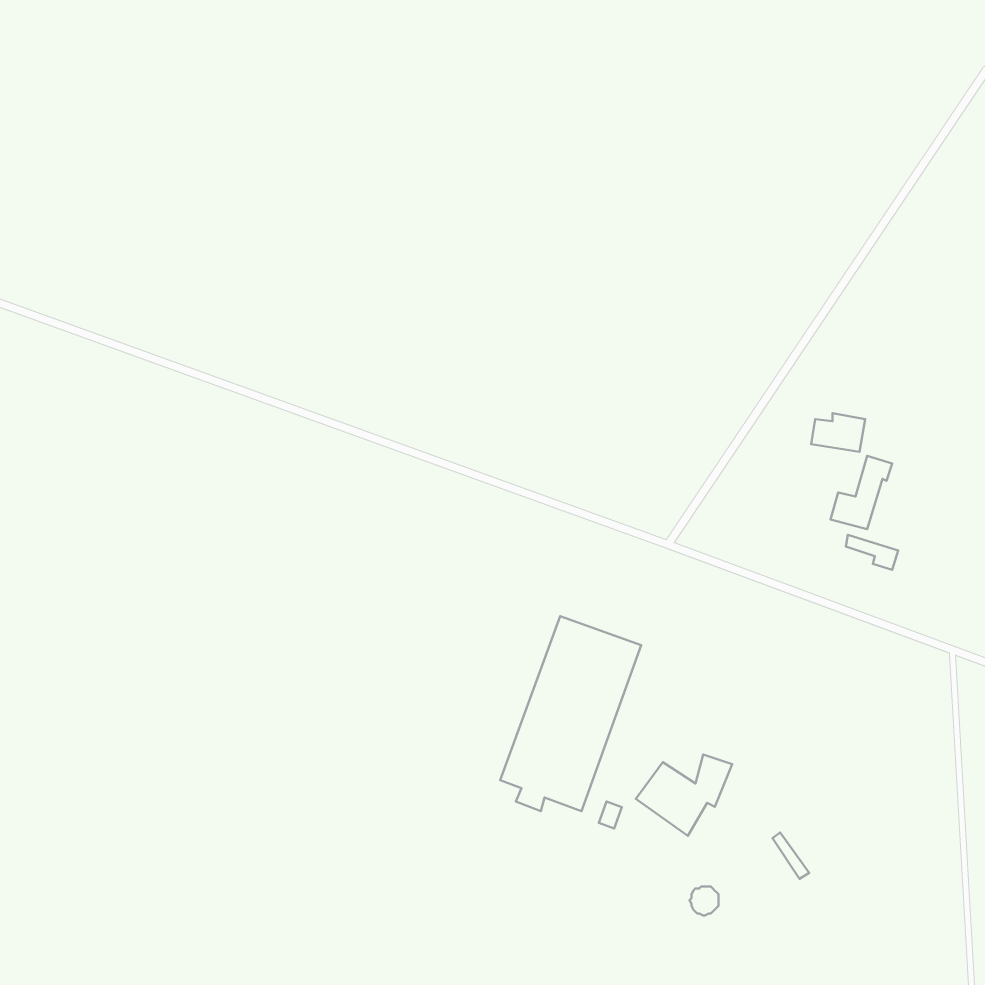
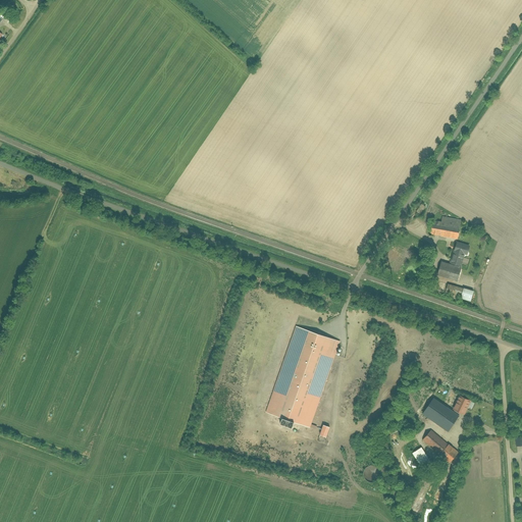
building: [636,755,732,836] -> [420,390,471,433]
building: none -> [420,429,459,461]

